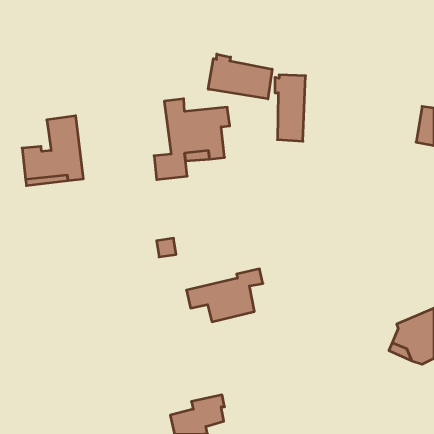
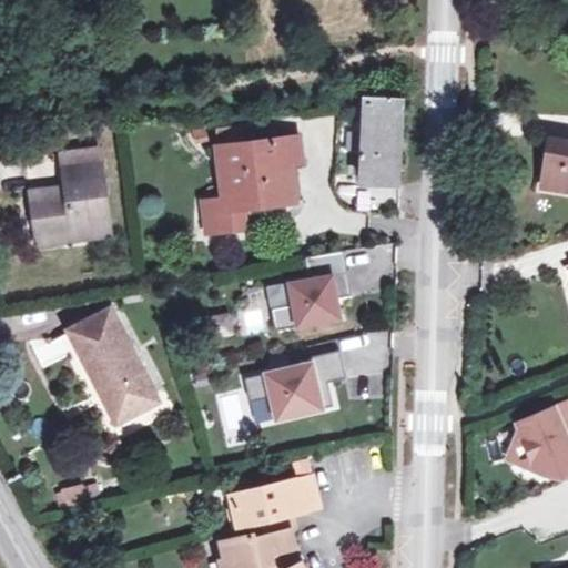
building: [208,54,272,99] -> none
building: none -> [270,251,345,329]
building: none -> [69,310,155,419]
building: none -> [231,475,318,526]

